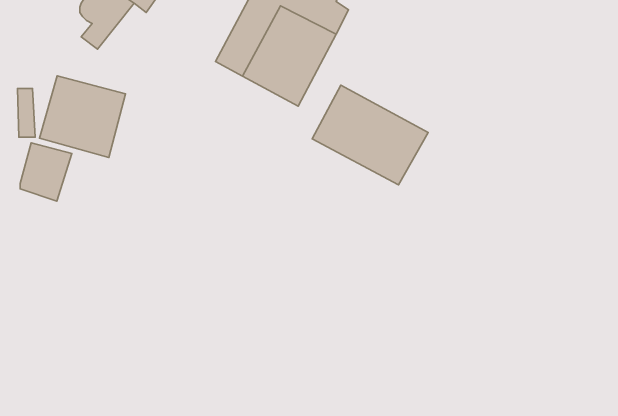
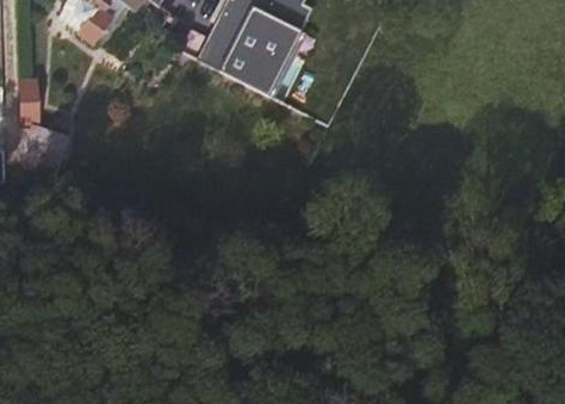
building: [40,76,126,157] -> none
building: [312,85,428,185] -> none

